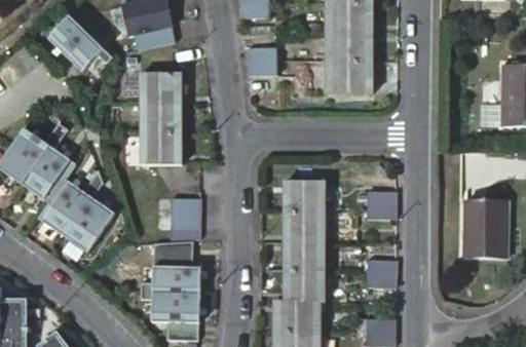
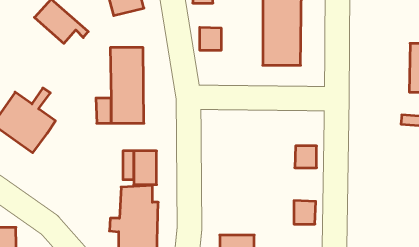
building: [36,168,114,252] -> none
building: [286,182,323,302] -> none
building: [467,186,511,257] -> none

